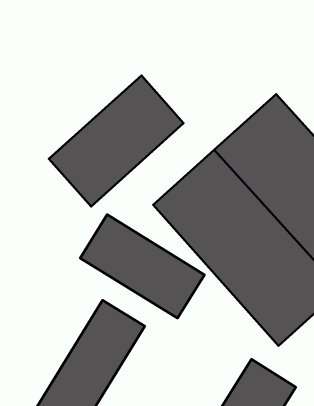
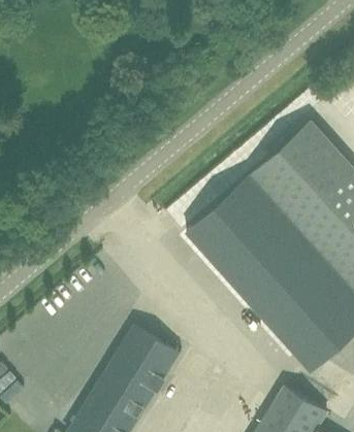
building: [49,76,184,206] -> none
building: [80,215,204,318] -> none

